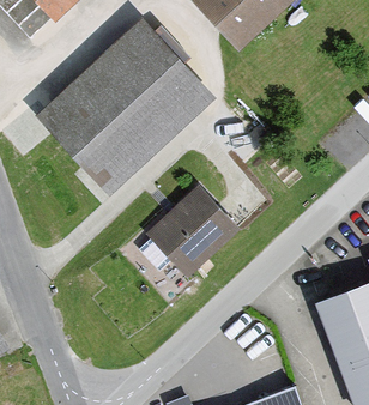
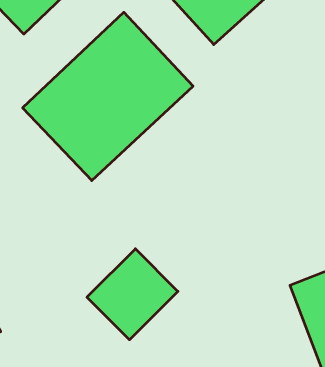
building: [149,185,243,279] -> [87,249,178,340]

